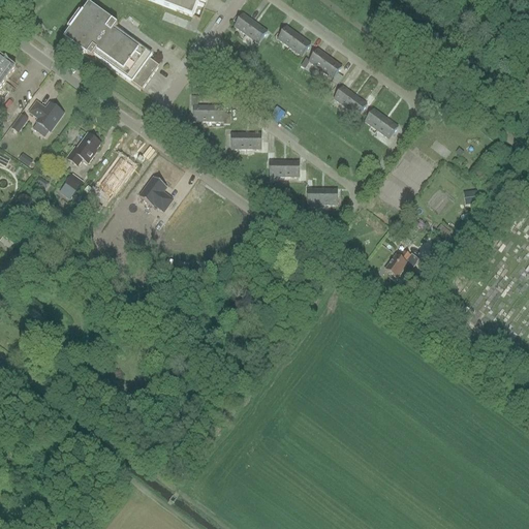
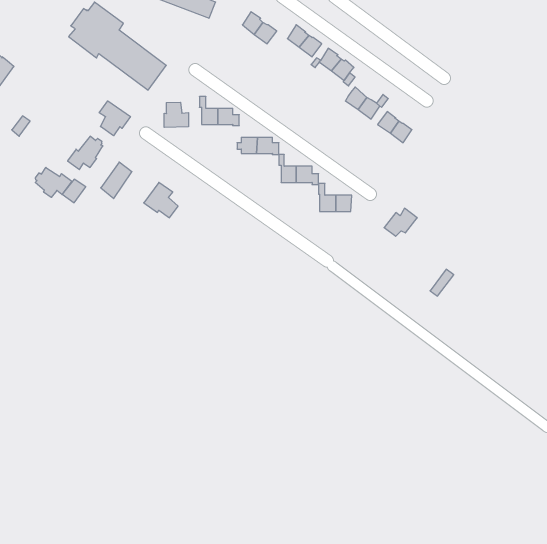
building: none -> [99,101,130,136]
building: none -> [164,102,188,127]
building: [29,99,62,128] -> none
building: none -> [35,167,72,197]
building: [386,249,418,276] -> [384,208,417,236]

